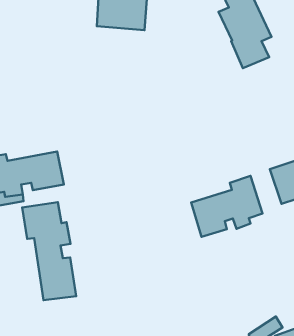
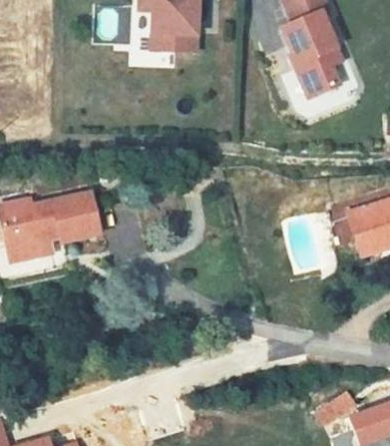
building: [191,176,262,237] -> none
building: [22,202,76,300] -> none

